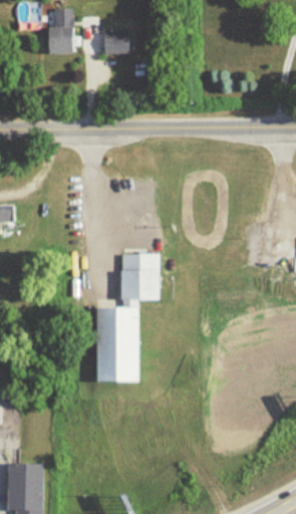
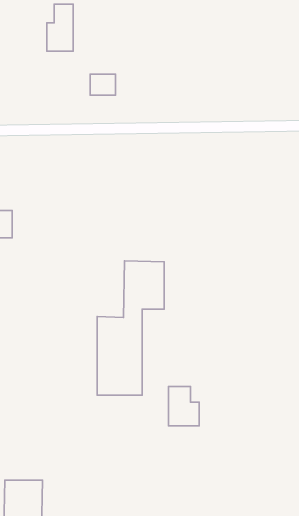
building: [103,32,127,52] -> [90,74,115,95]
building: none -> [168,387,199,426]

